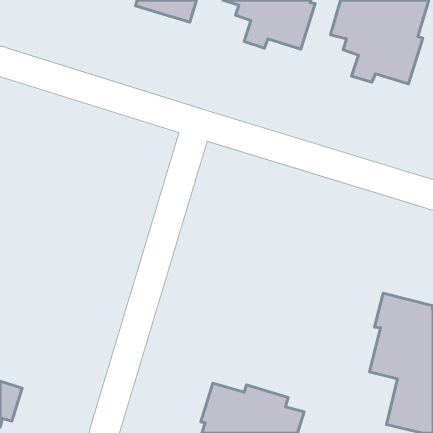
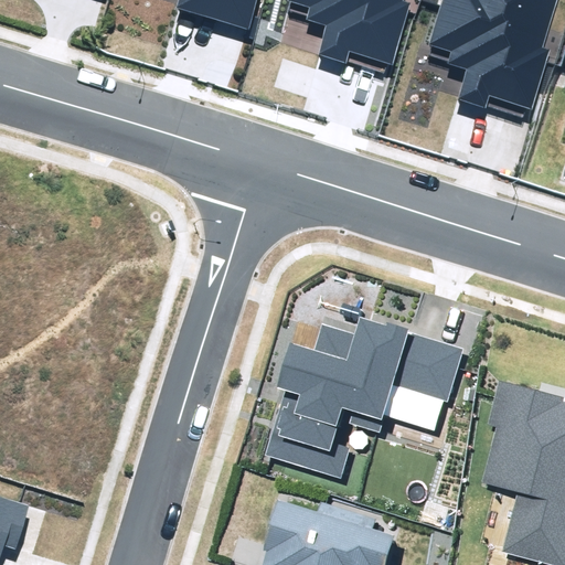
building: none -> [265,316,465,479]

